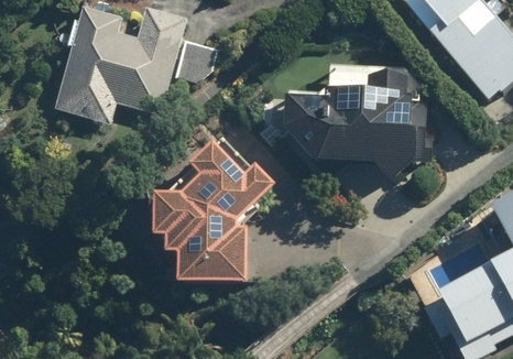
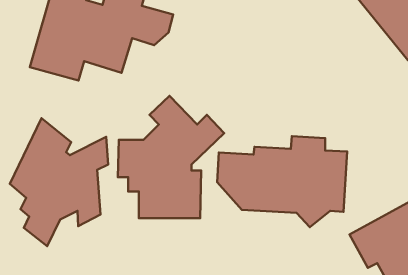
building: [283,73,433,177] -> [217,136,347,227]
building: none -> [10,118,108,246]

